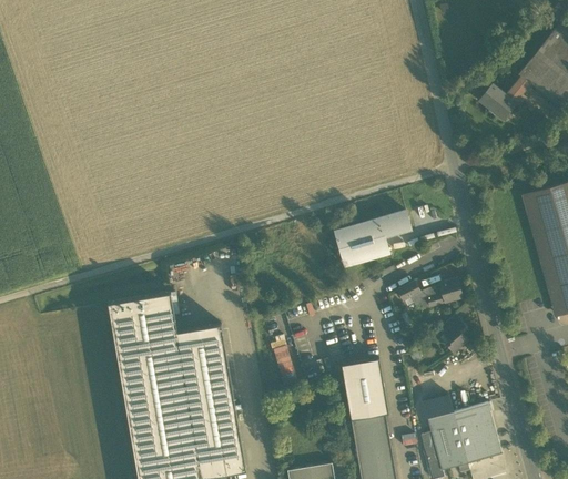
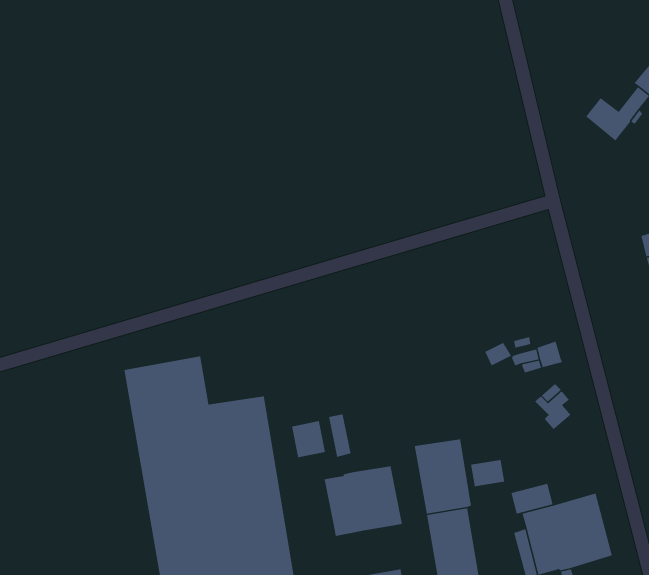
building: [334,212,409,266] -> none
building: none -> [291,420,326,458]
building: none -> [470,459,505,487]
building: none -> [323,466,403,537]

